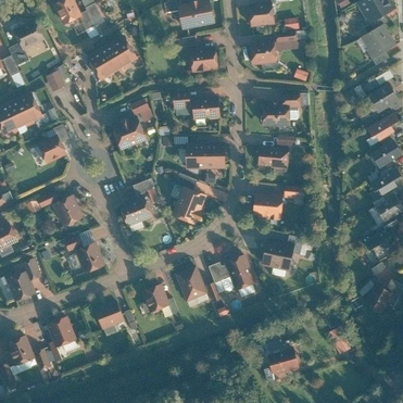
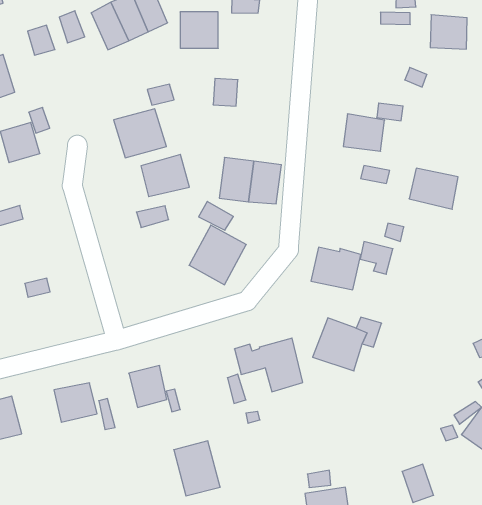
building: [250,41,276,64] -> [430,15,467,49]
building: [189,46,217,73] -> [180,12,218,48]
building: [192,97,219,121] -> none
building: [257,147,288,171] -> [409,168,458,209]
building: [52,196,84,228] -> none
building: [118,197,152,227] -> [141,154,189,197]
building: [75,242,105,274] -> none
building: [174,265,207,303] -> [174,441,220,496]

